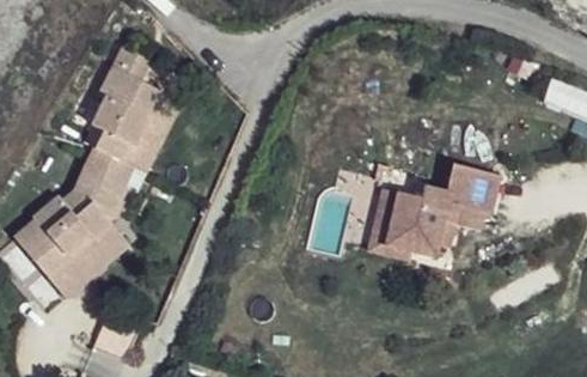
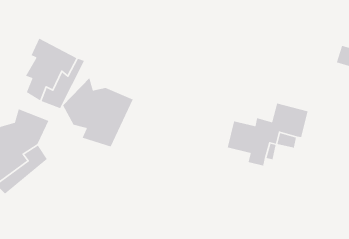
building: none -> [62,77,134,148]
building: [369,186,417,257] -> none

